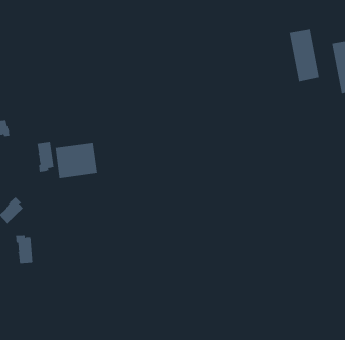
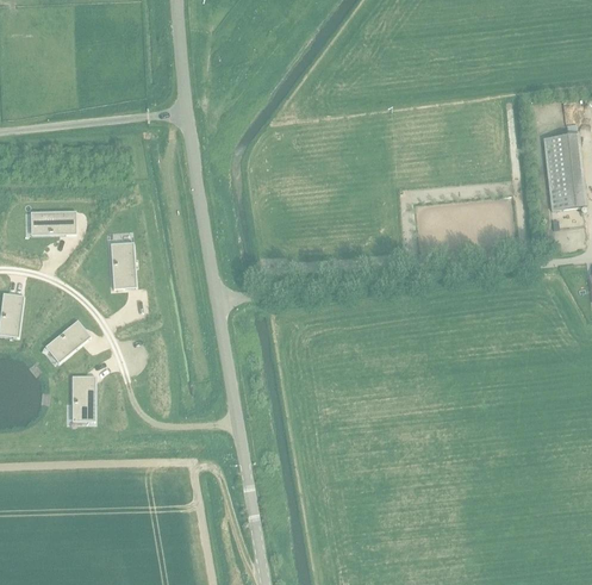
building: [289,29,320,82] -> none
building: [55,142,98,179] -> none

